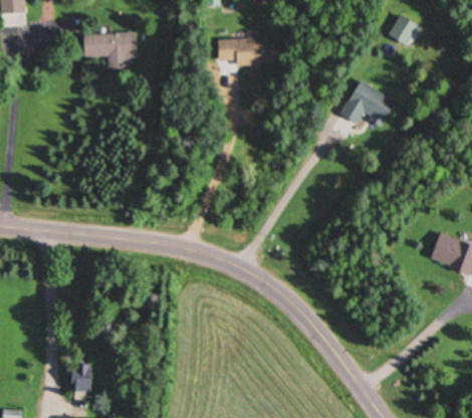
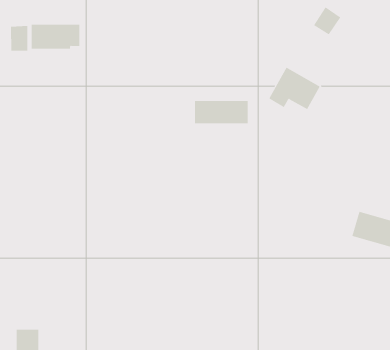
building: none -> [10,25,28,52]
building: [217,38,275,63] -> [194,100,248,124]

